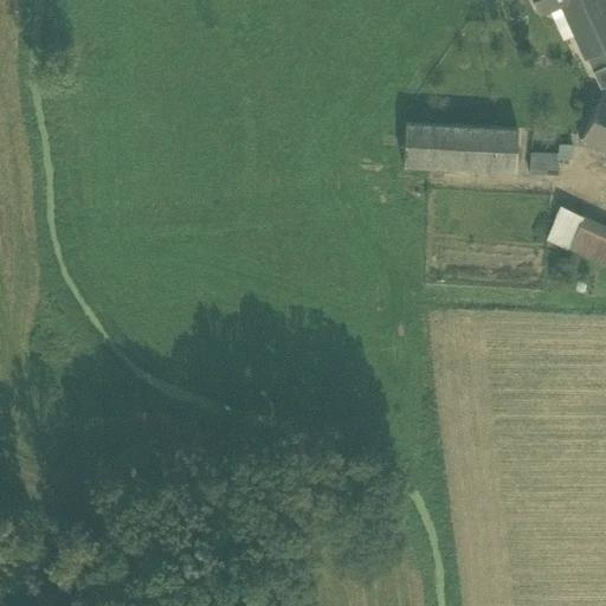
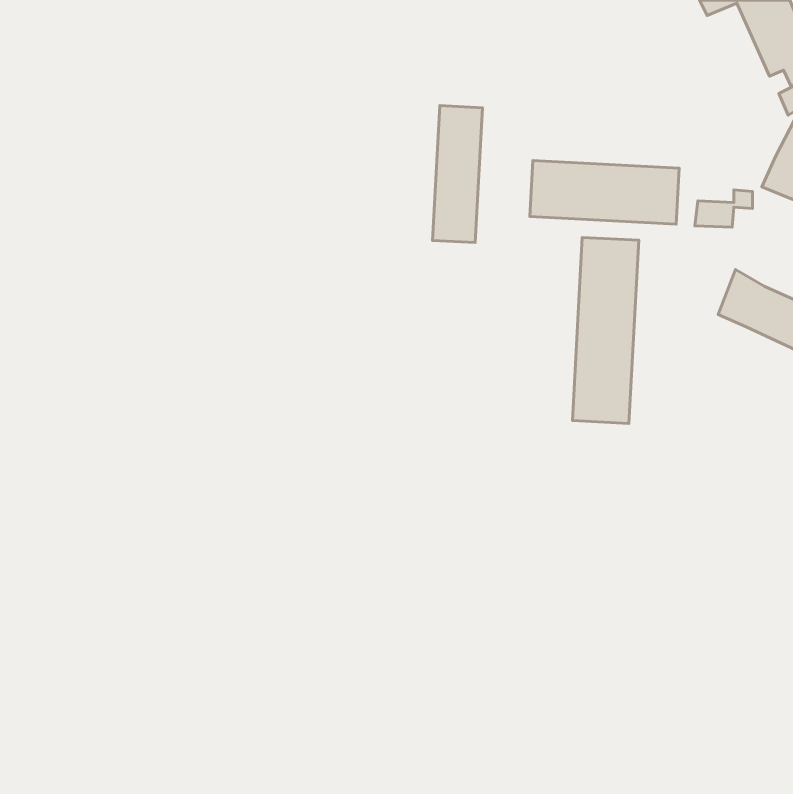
building: none -> [433,106,482,243]
building: none -> [572,237,639,423]

